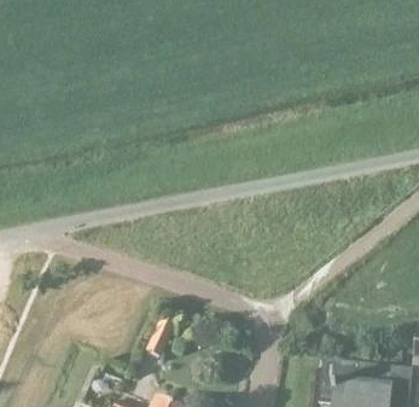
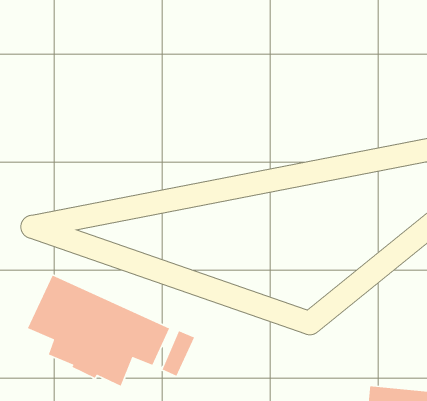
building: none -> [27,275,170,387]

